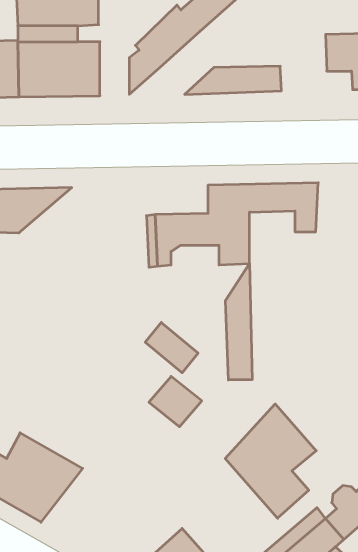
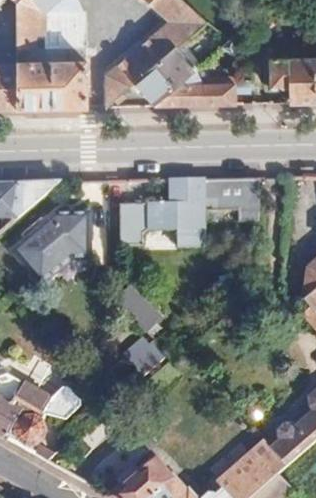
building: none -> [132,54,185,106]
building: none -> [14,213,93,284]
building: [225,264,252,380] -> none
building: [225,404,316,518] -> none

